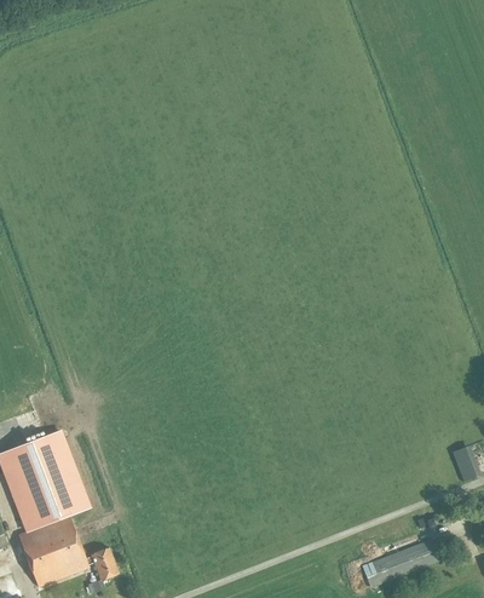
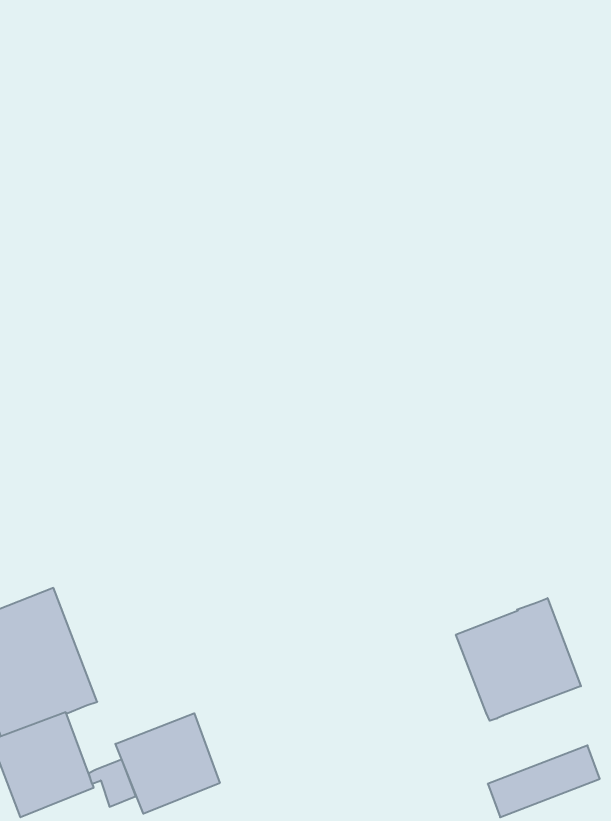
building: none -> [456,598,581,721]
building: none -> [115,713,220,814]

